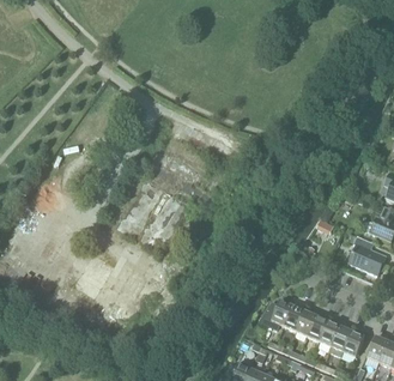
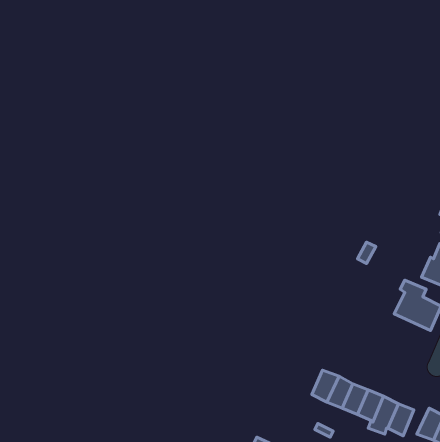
building: [259,298,292,328] -> none

